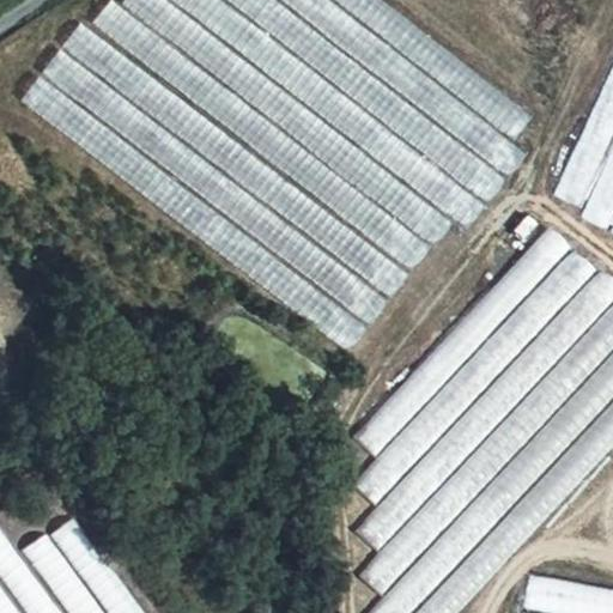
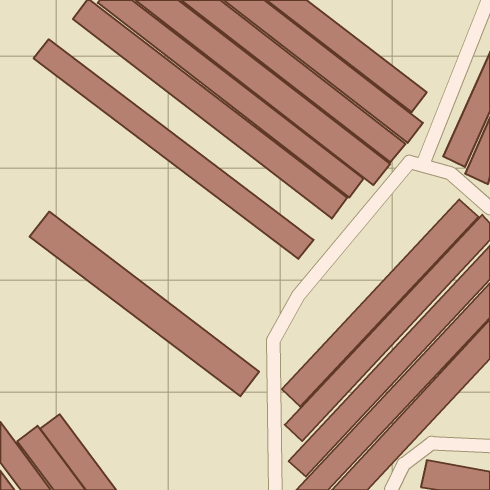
building: [61,24,409,298] -> none
building: [23,77,371,351] -> none
building: [351,226,571,459] -> none
building: none -> [30,212,259,396]

